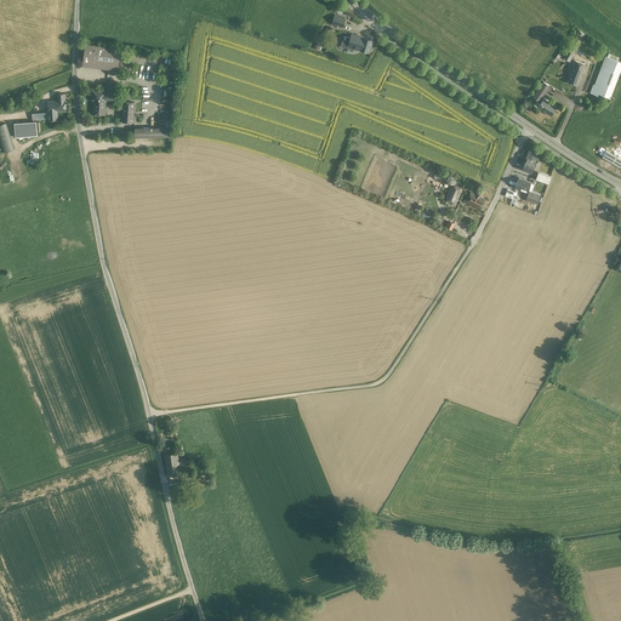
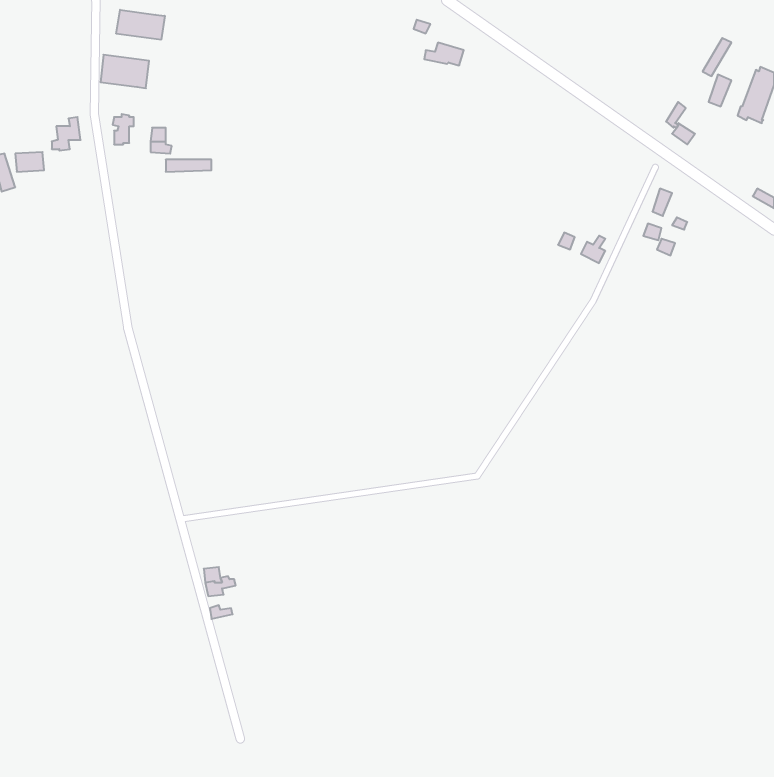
building: none -> [116,10,165,40]

